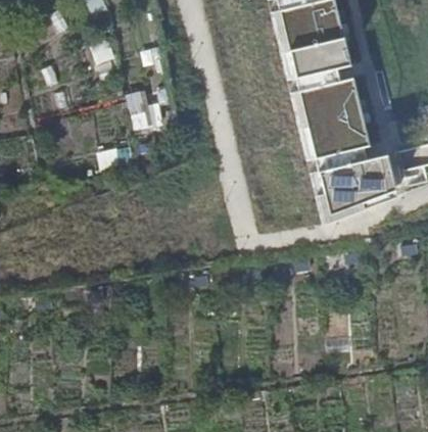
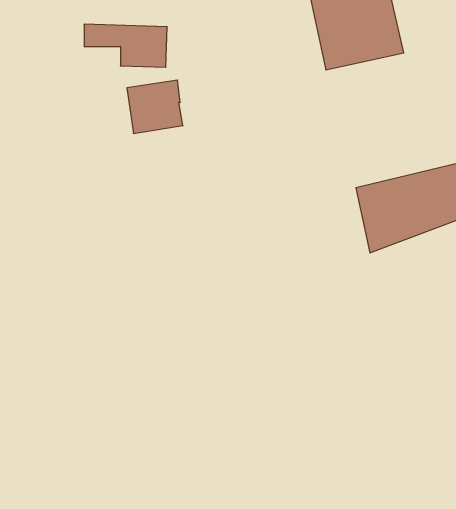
building: [291,76,368,156] -> none

